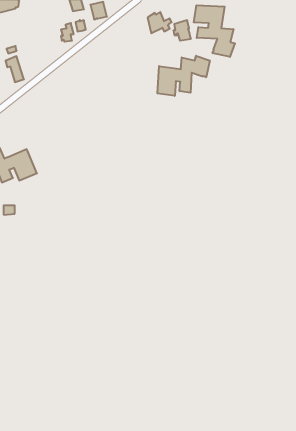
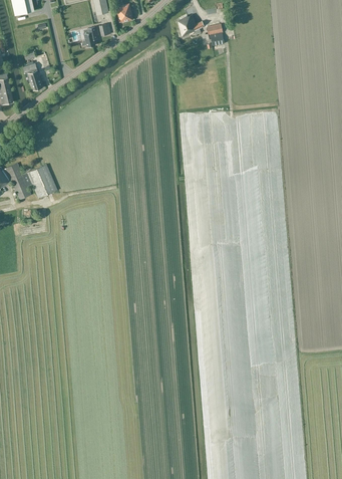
building: [194,5,235,57] -> none
building: [157,56,210,96] -> none

